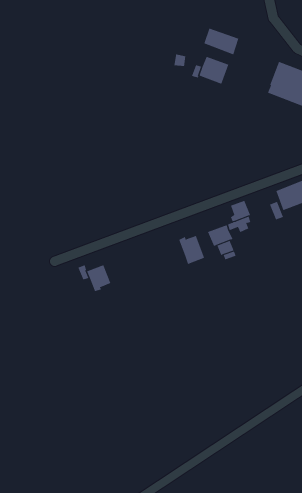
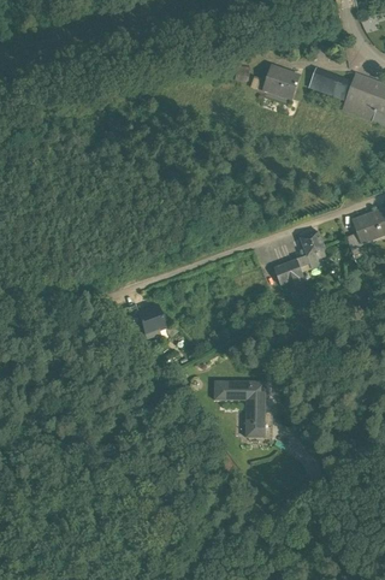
building: [203,28,239,55] -> [308,69,349,100]
building: [178,235,205,265] -> none
building: none -> [213,380,271,437]

